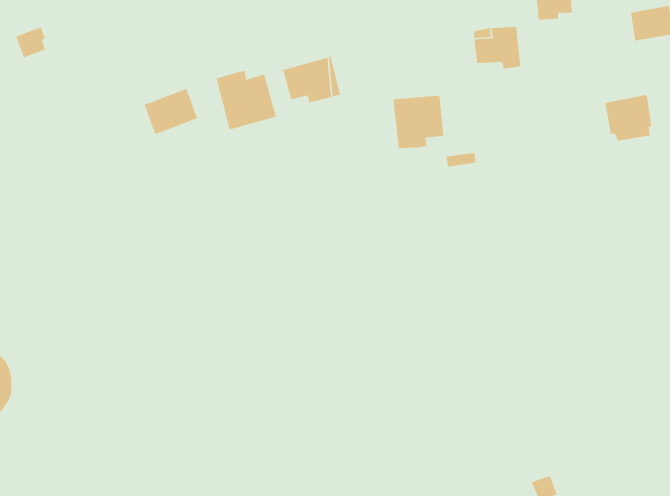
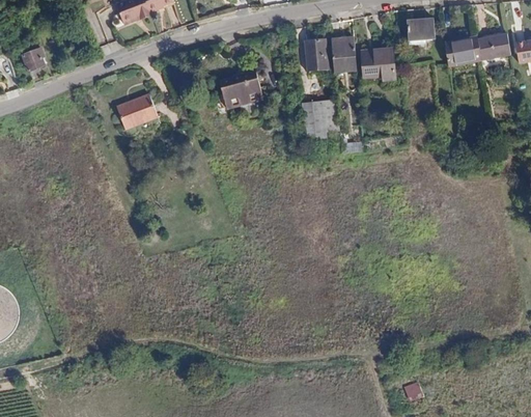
building: none -> [331,36,356,72]
building: none -> [305,38,328,71]
building: [216,70,277,131] -> none
building: [605,94,654,142] -> [445,35,481,71]

